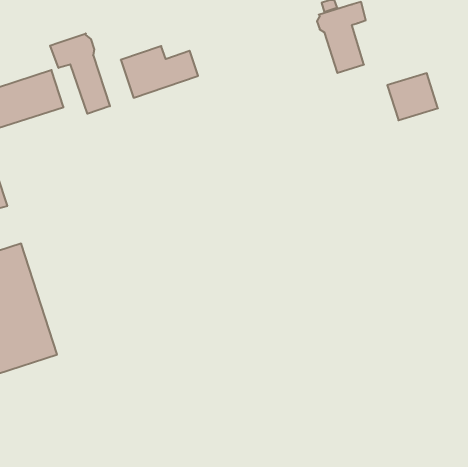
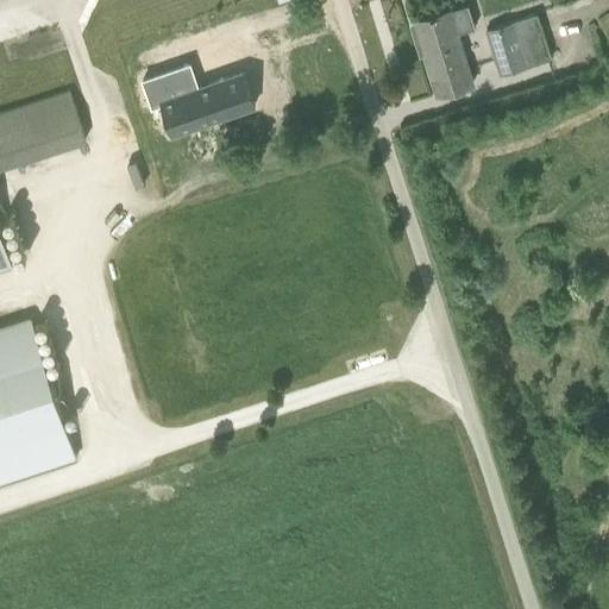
building: [50,33,110,114] -> none
building: [387,73,438,120] -> [483,19,548,80]

